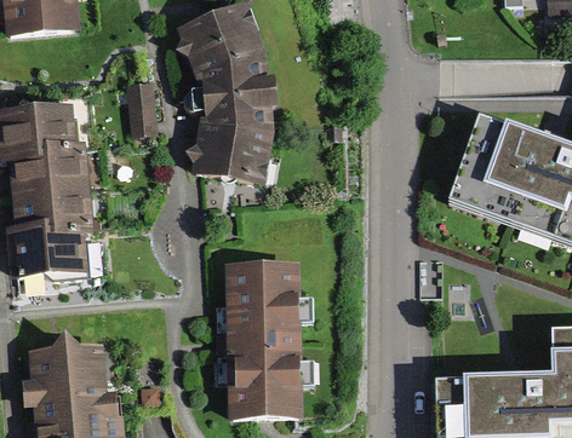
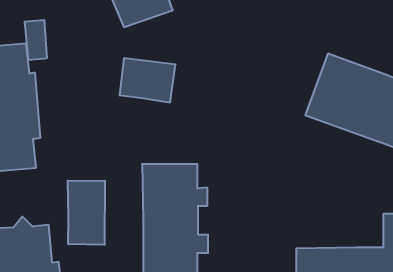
building: [202,58,278,131] -> none
building: [126,80,156,133] -> [24,20,47,60]
building: none -> [68,181,105,245]

